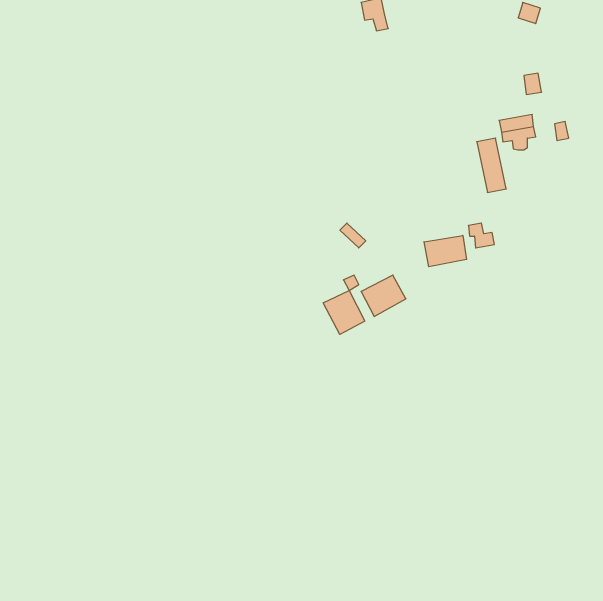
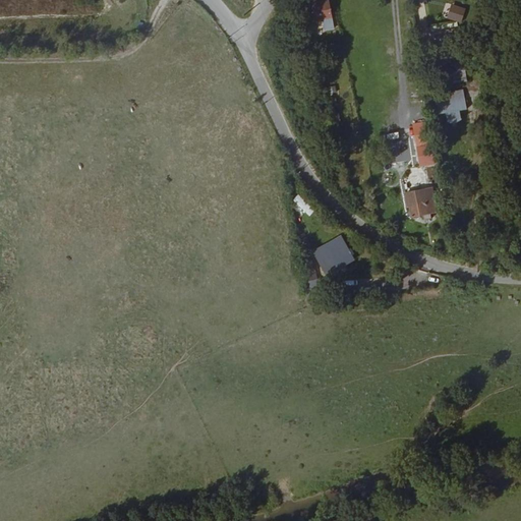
building: [424,235,467,267] -> none
building: [323,290,365,334] -> none

